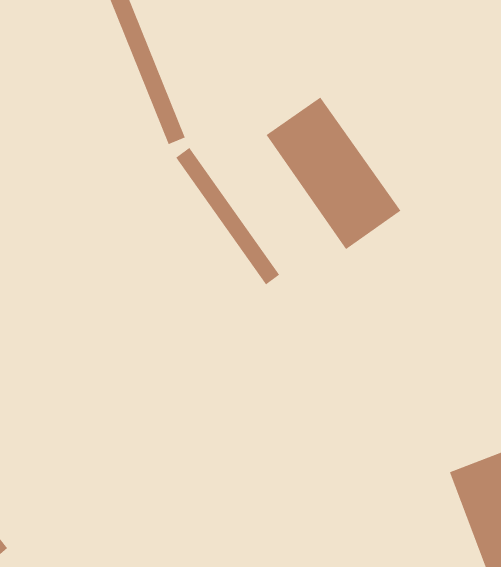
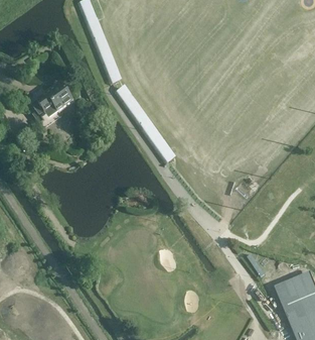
building: [266,97,401,250] -> none
building: none -> [35,86,70,114]

